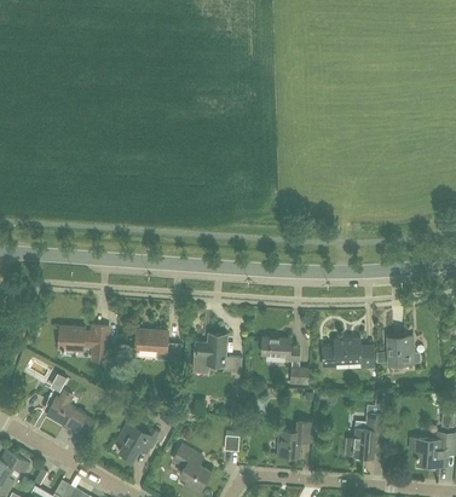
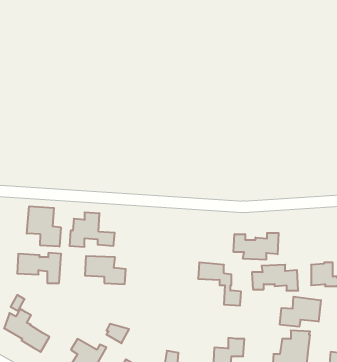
building: none -> [27,206,61,247]
building: none -> [234,233,279,260]
building: [191,334,242,372] -> [69,212,115,247]
building: none -> [280,297,321,327]

